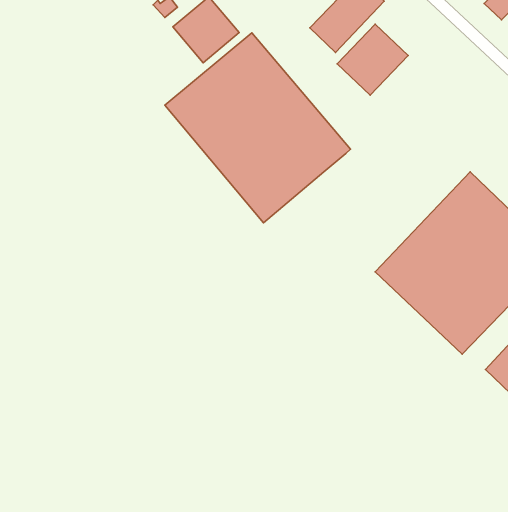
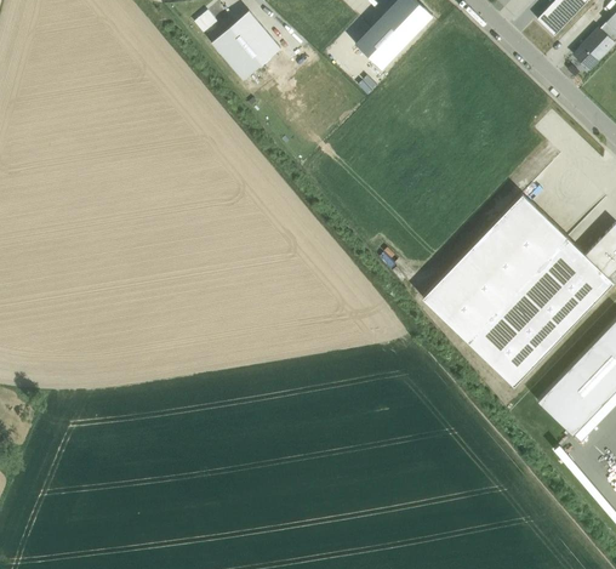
building: [337,24,408,95] -> none
building: [165,33,350,223] -> none

